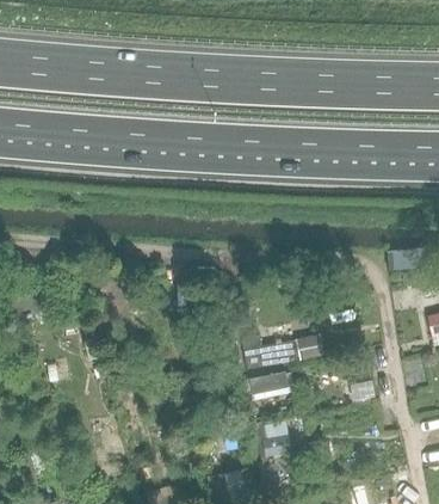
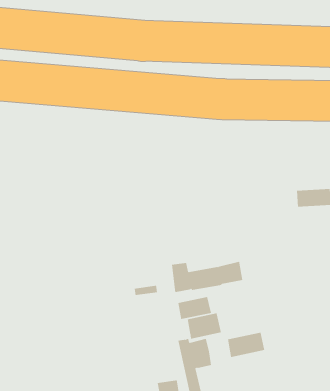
building: none -> [187,313,221,339]
building: none -> [228,332,265,358]

